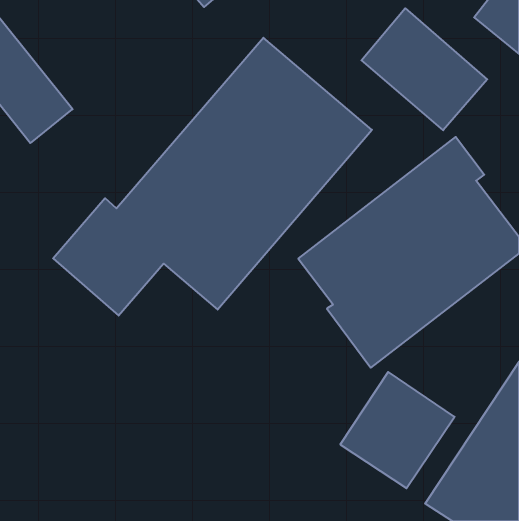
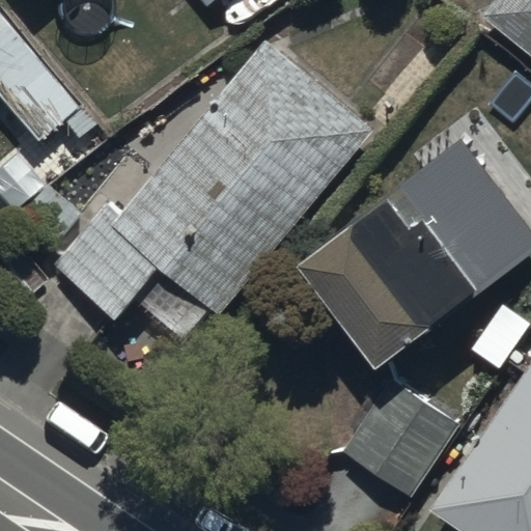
building: [361,8,487,130] -> none

